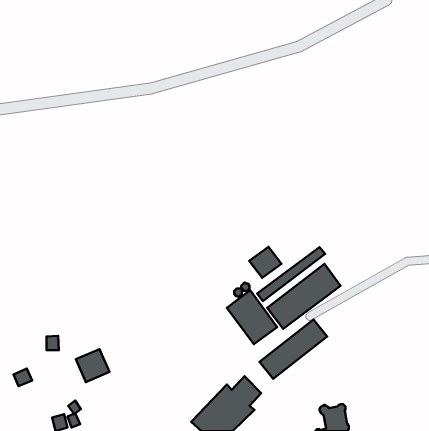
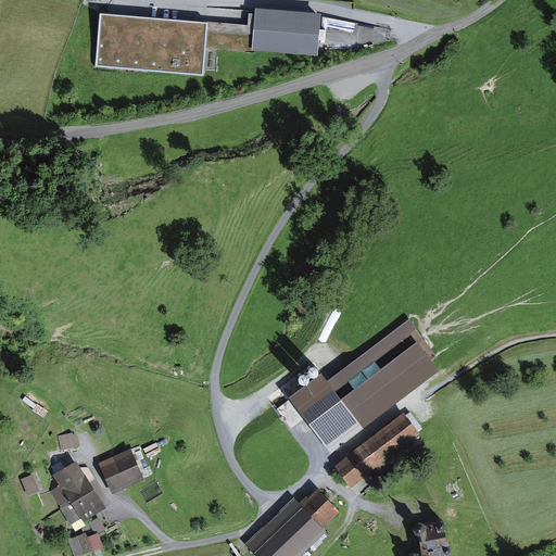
building: none -> [250,12,318,55]
building: none -> [94,14,210,77]
building: [249,247,281,278] -> none
building: none -> [50,458,103,520]

